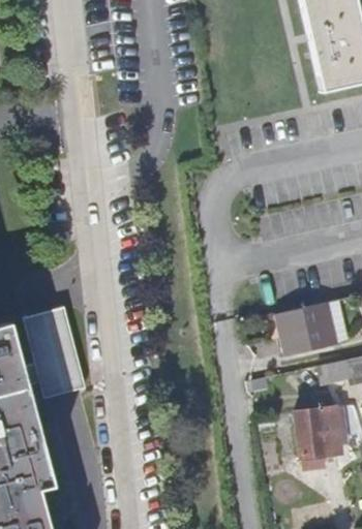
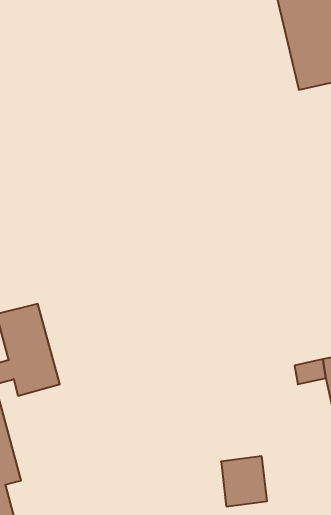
building: [278,303,337,353] -> none
building: [298,408,343,458] -> [221,456,267,506]

